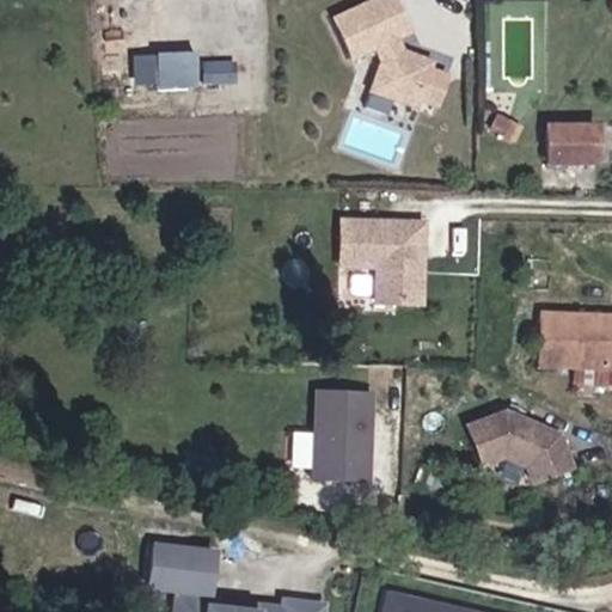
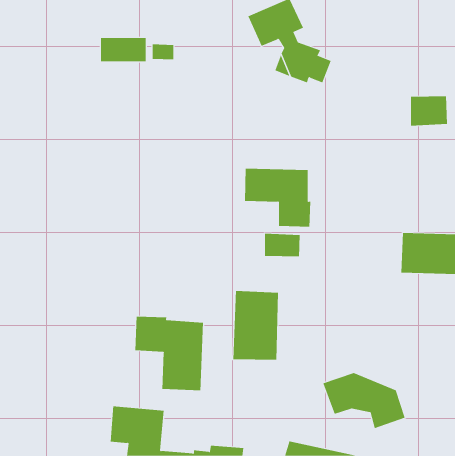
building: none -> [264,233,300,257]
building: [467,409,579,484] -> [322,372,406,429]
building: none -> [135,316,203,391]

